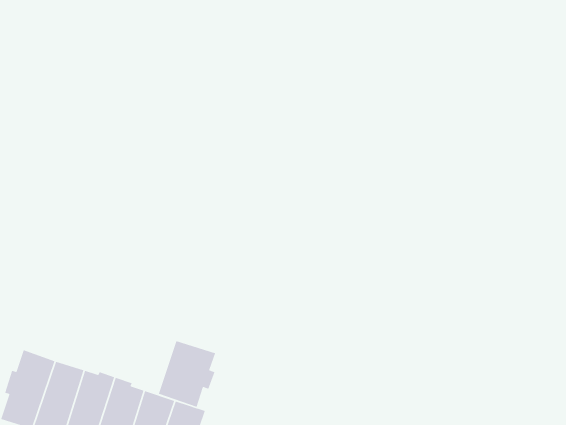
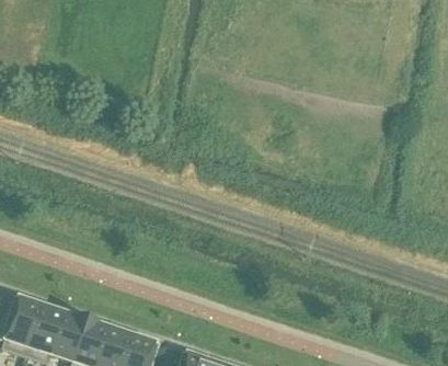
building: [158,340,216,408] -> none

